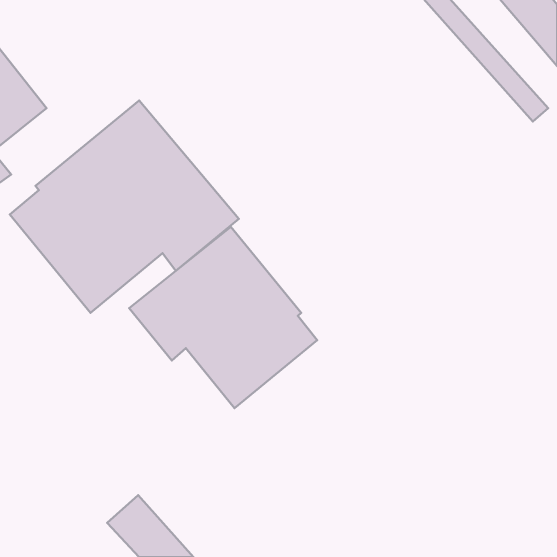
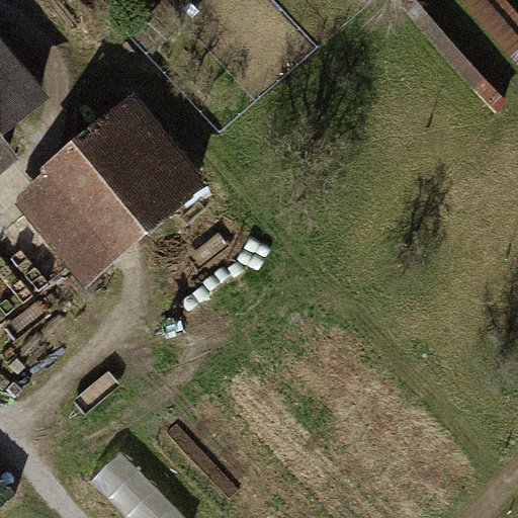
building: [129,227,317,408] -> none

